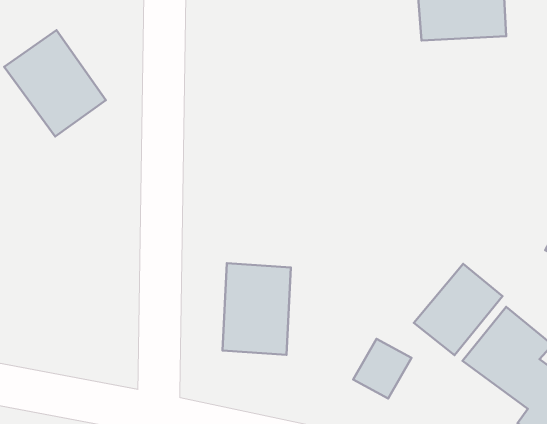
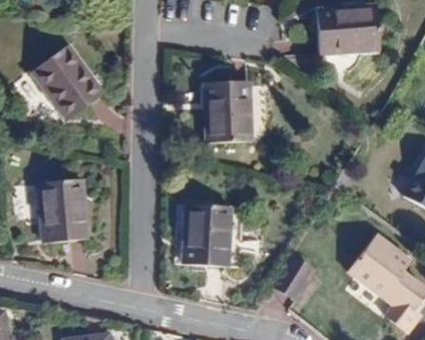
building: none -> [205,80,251,139]
building: none -> [39,180,87,243]
building: [414,264,503,355] -> none

